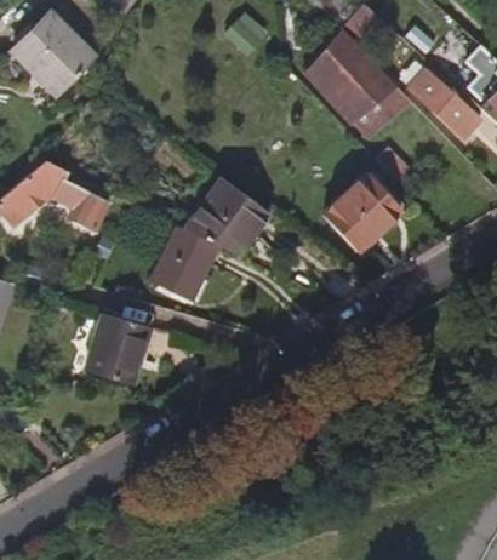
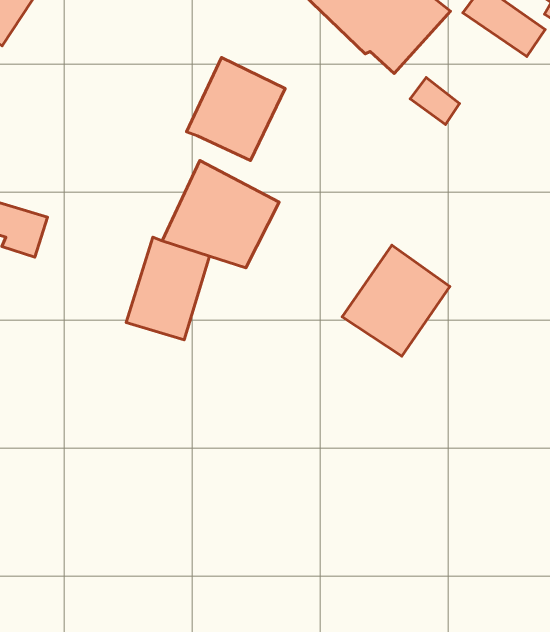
building: none -> [187,57,285,160]
building: [324,172,402,251] -> [342,245,450,356]
building: [85,312,150,384] -> none

